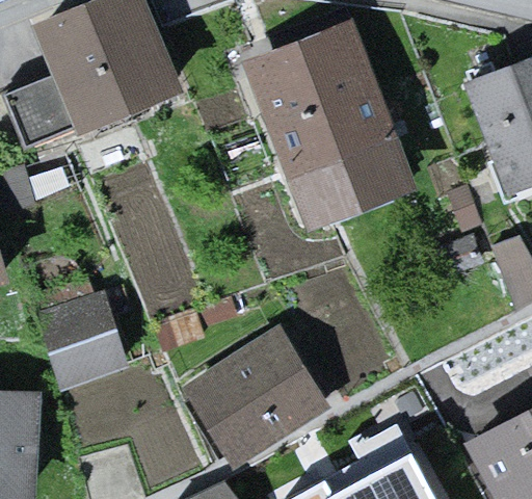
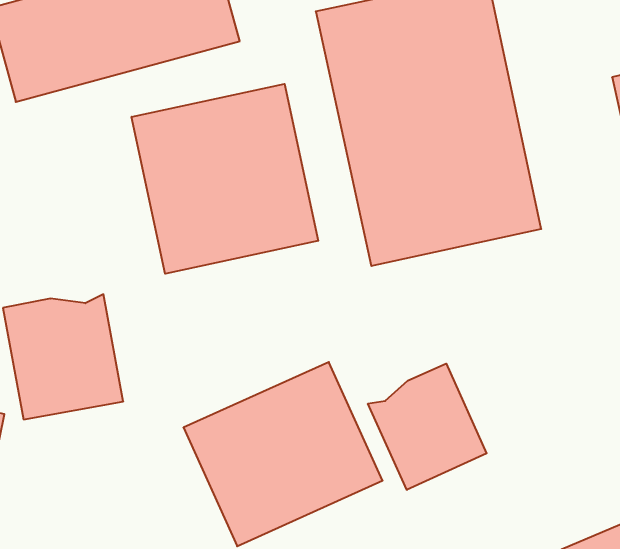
building: none -> [132,84,318,274]
building: none -> [368,364,487,490]

